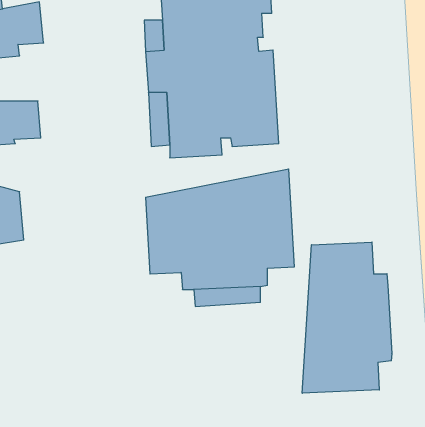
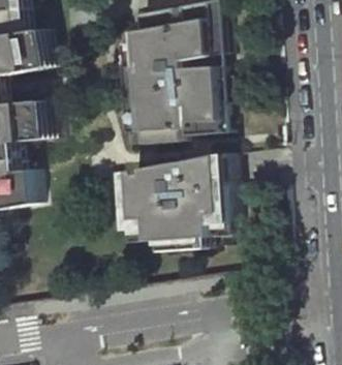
building: [302,242,392,393] -> none

